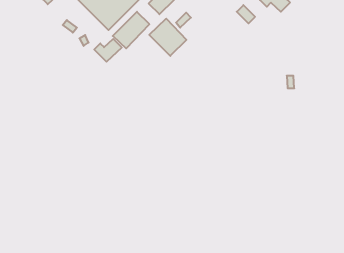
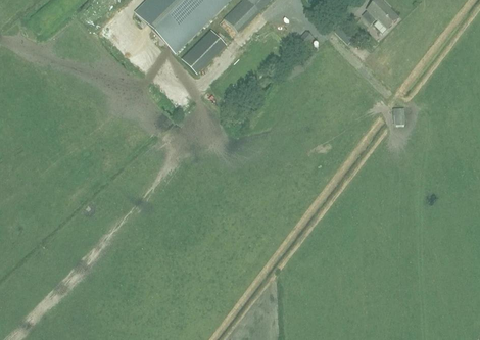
building: [149,19,186,56] -> none
building: [94,39,122,62] -> none

